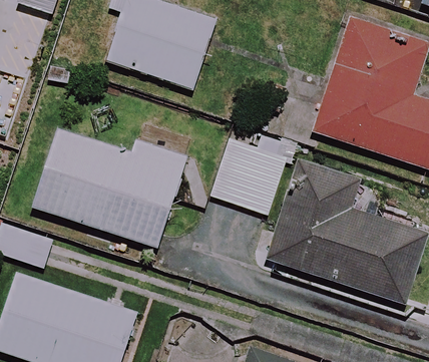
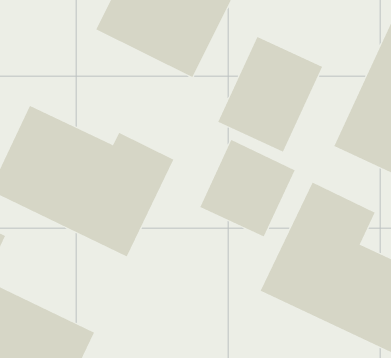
building: none -> [218,36,323,152]

